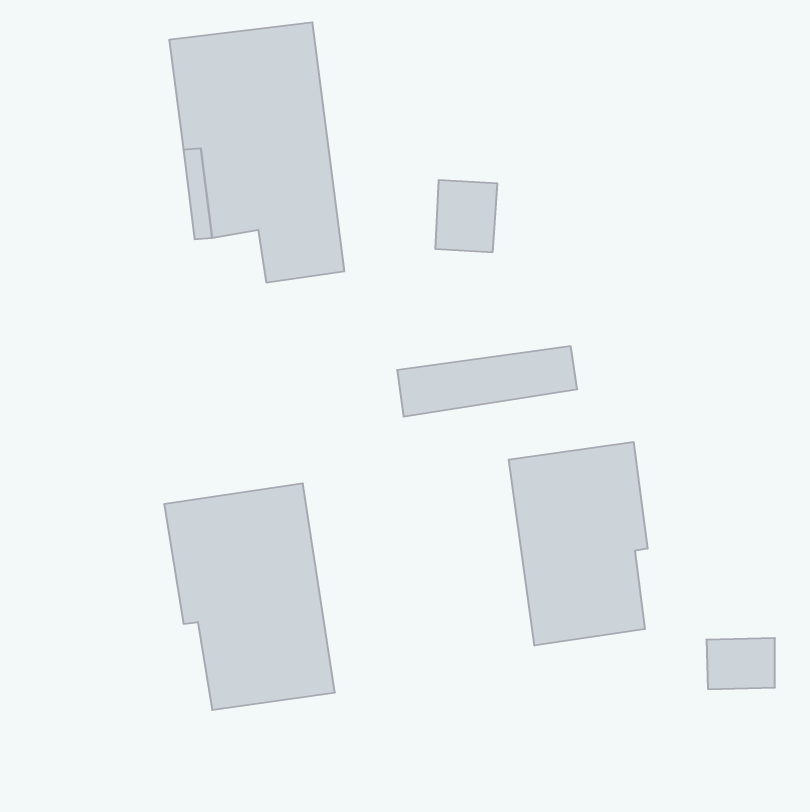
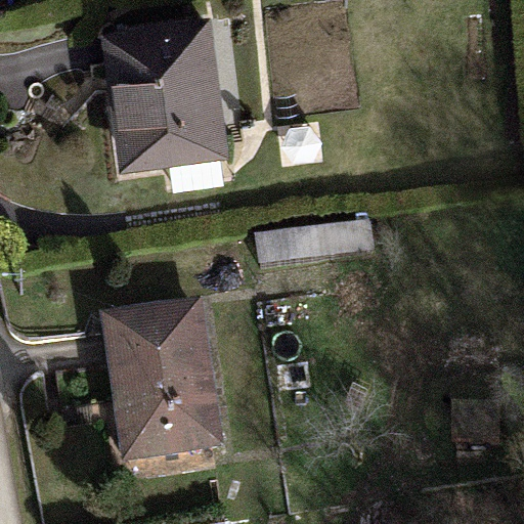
building: [509,442,648,646] -> none

